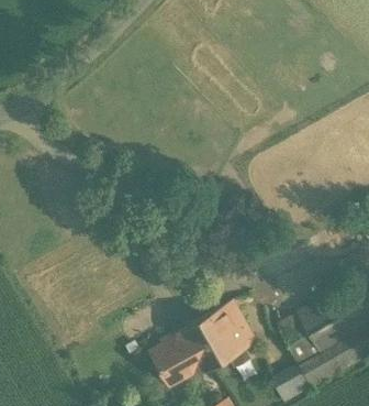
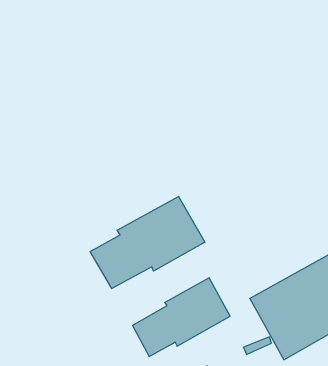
building: none -> [90,196,205,289]

